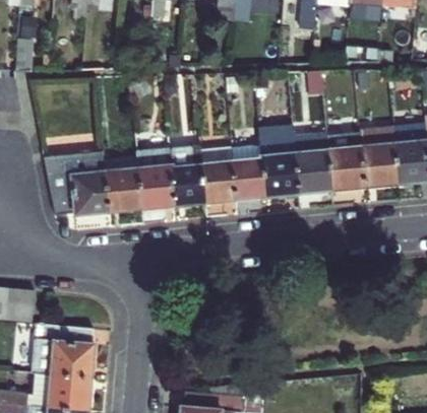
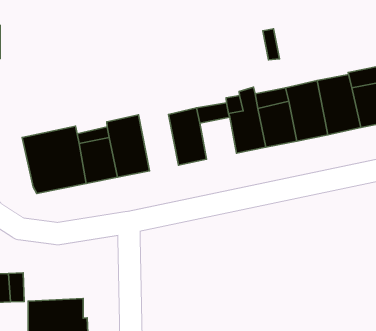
building: [170,144,205,206] -> none
building: [232,159,266,200] -> none

